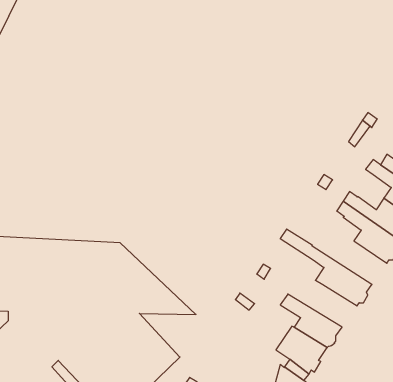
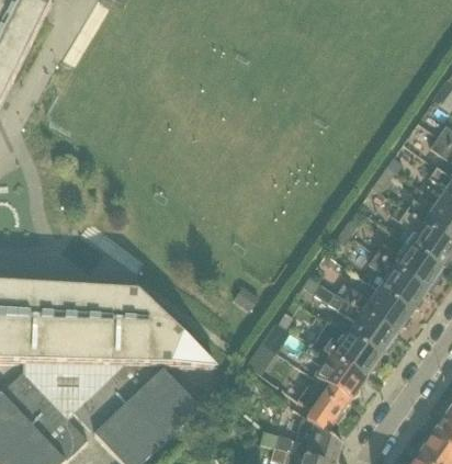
building: none -> [335,284,411,335]
building: none -> [303,322,381,378]

